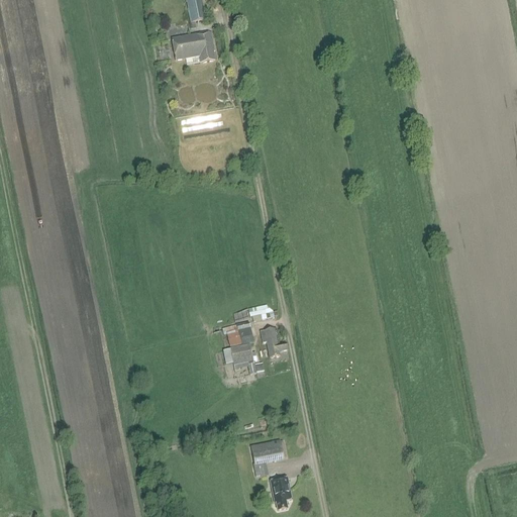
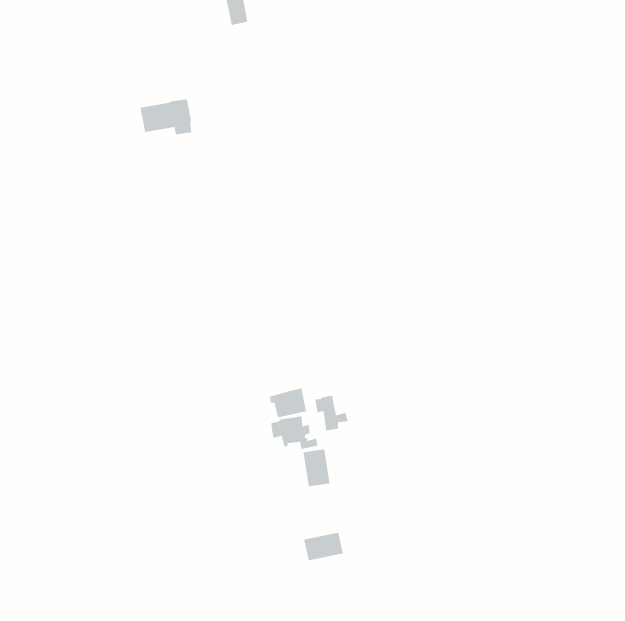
building: [171,30,214,61] -> [140,99,192,135]
building: none -> [303,449,330,487]
building: [270,476,291,509] -> none

